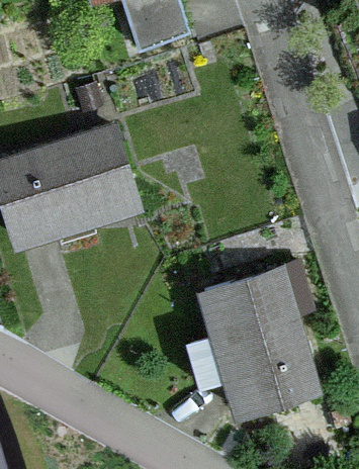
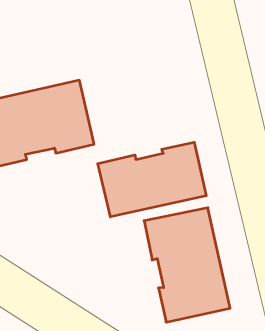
building: none -> [98,142,206,217]

